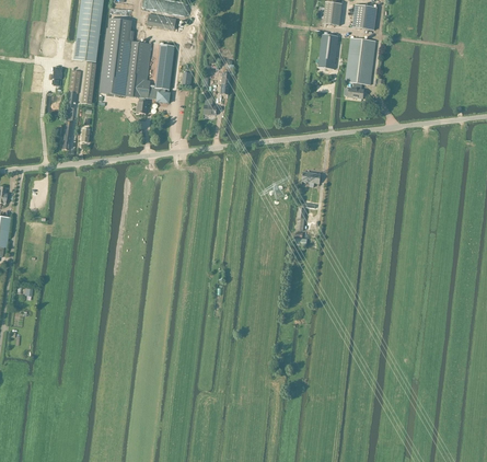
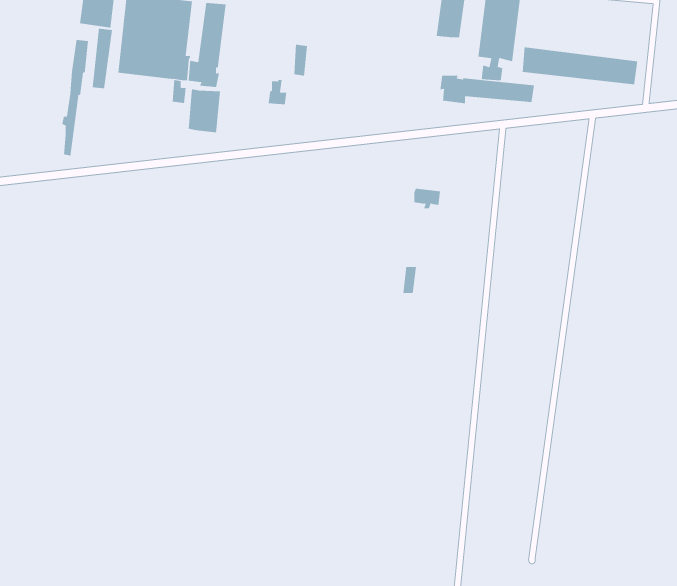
building: none -> [522,47,638,85]
building: none -> [440,75,534,104]
building: none -> [188,88,220,133]

